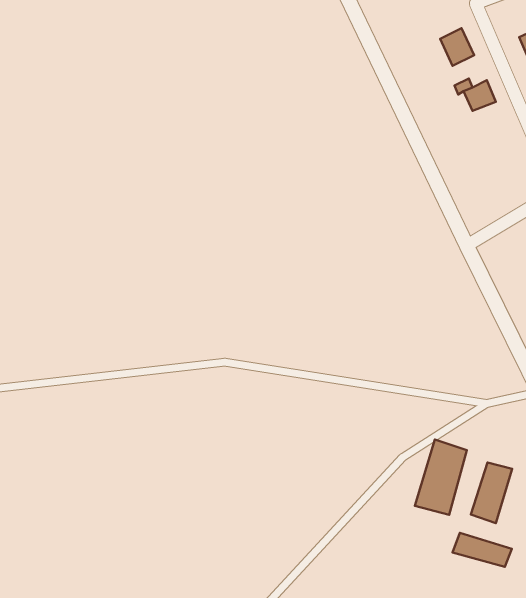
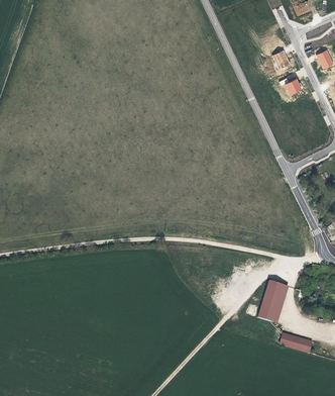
building: [471,462,512,523] -> none

